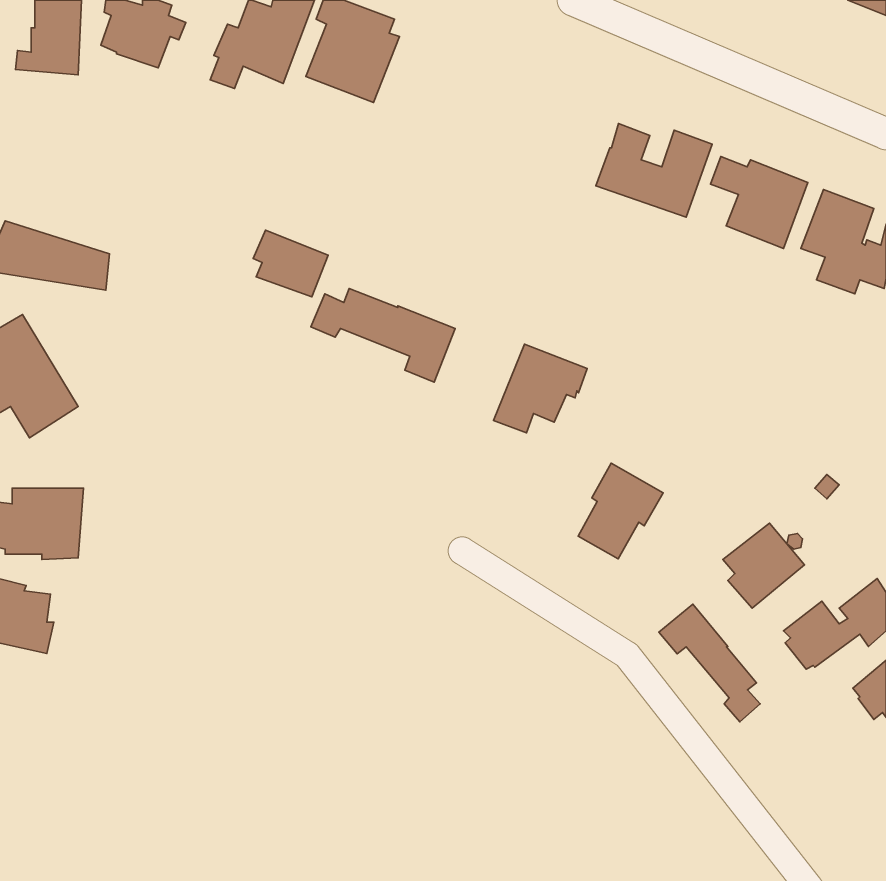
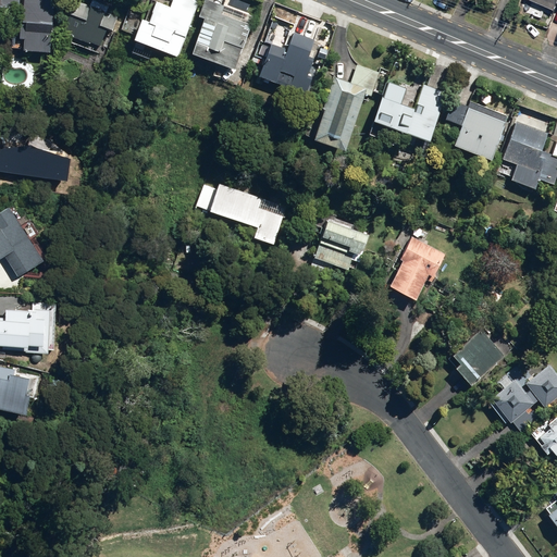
building: none -> [250,32,313,94]
building: none -> [314,67,379,148]
building: [253,230,328,297] -> none
building: [578,463,663,559] -> [391,238,444,298]
building: [659,604,760,722] -> none

